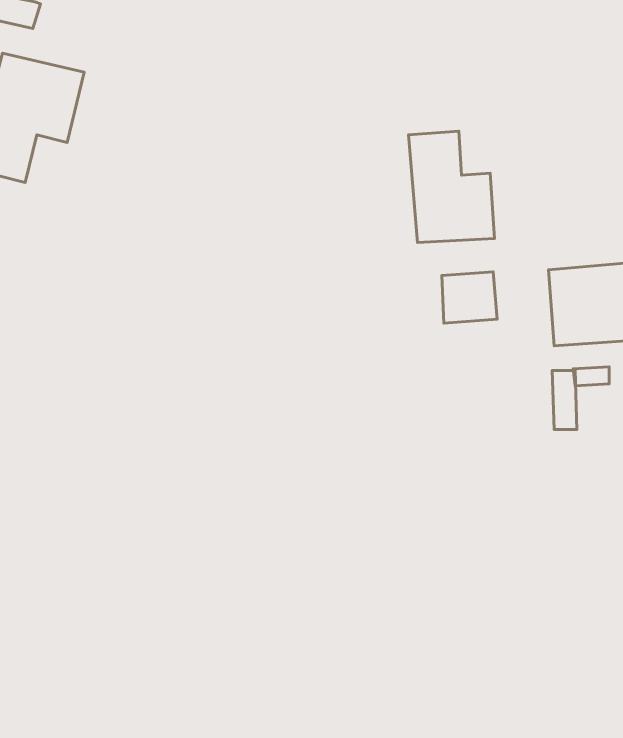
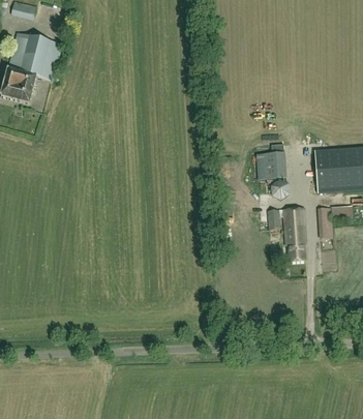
building: [409,131,494,243] -> none
building: none -> [268,207,307,261]

